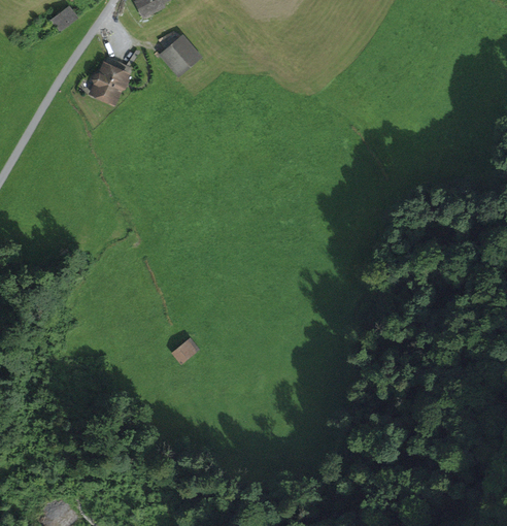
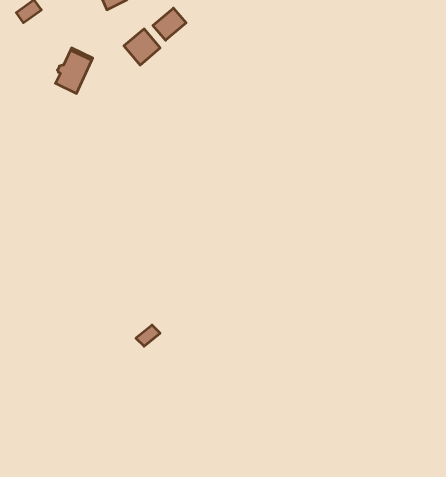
building: none -> [153,8,186,40]

